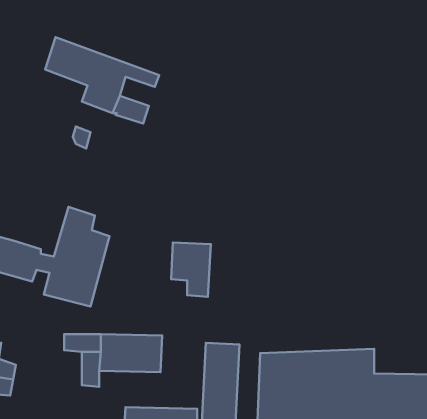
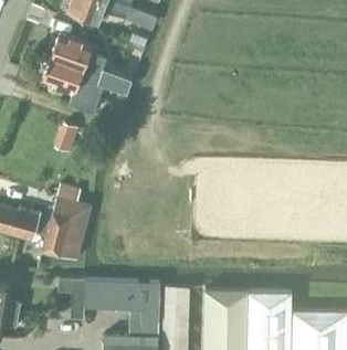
building: none -> [51,33,132,85]
building: [171,243,211,297] -> [130,282,160,322]

